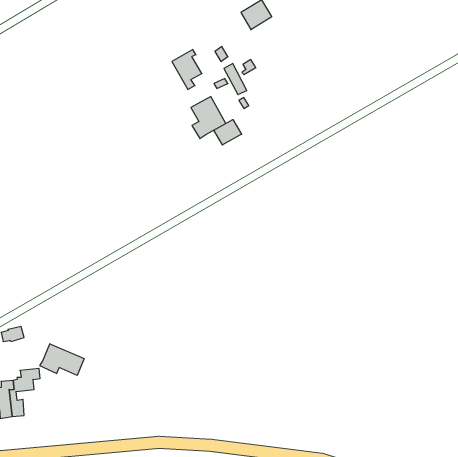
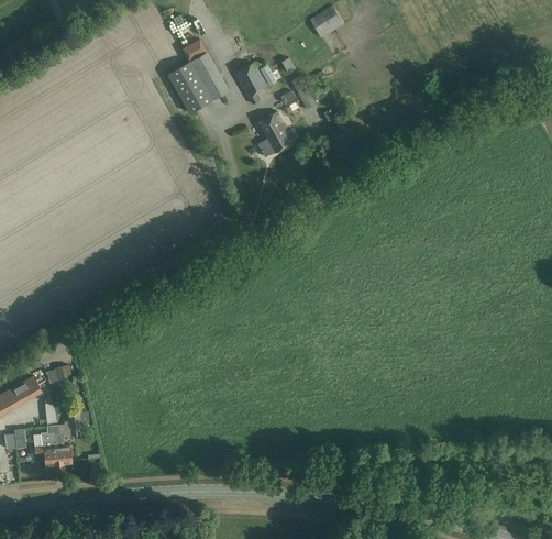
building: none -> [166,38,230,113]
building: [214,120,242,145] -> none
building: [40,344,84,375] -> none

